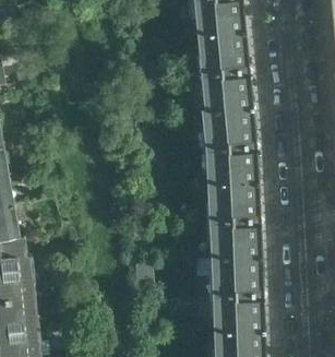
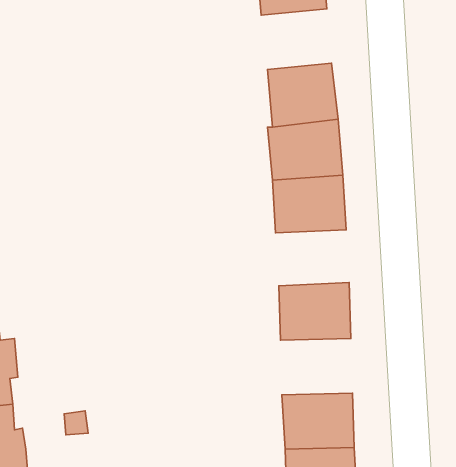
building: [199,34,247,75] -> none
building: [208,185,259,223] -> none
building: [212,259,261,297] -> none

